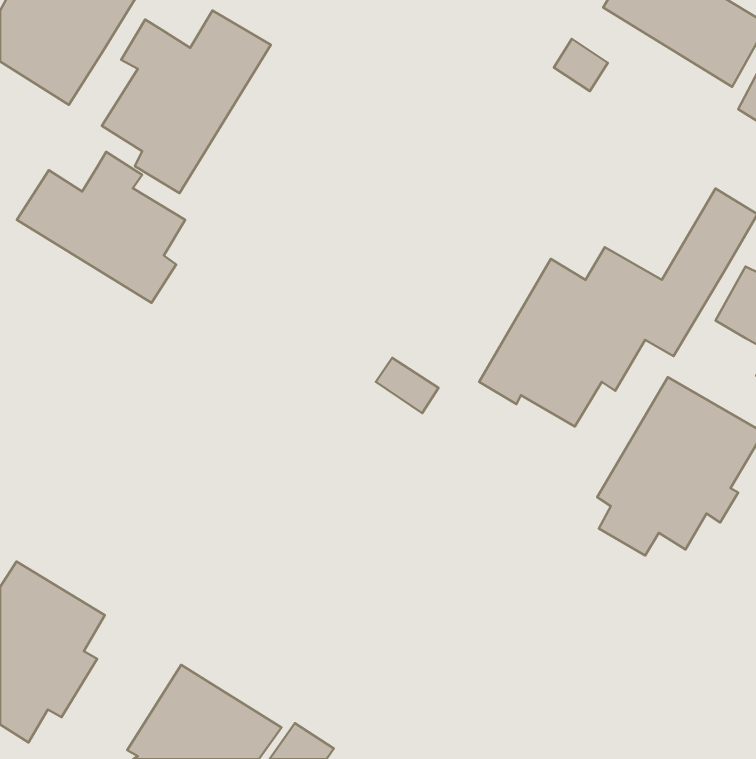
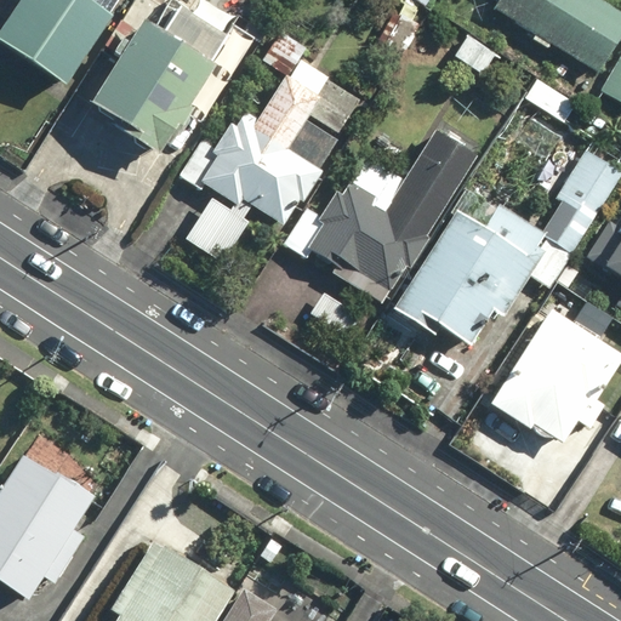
building: none -> [182,30,363,260]
building: [17,152,185,303] -> none
building: none -> [302,127,475,301]

